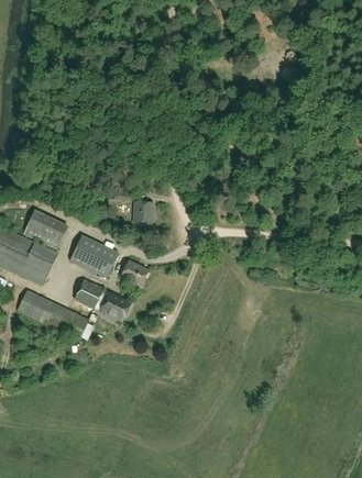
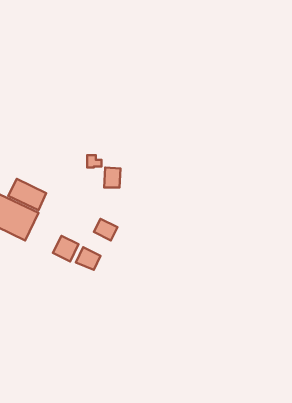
building: [69,235,118,278] -> none
building: [18,290,88,338] -> none

